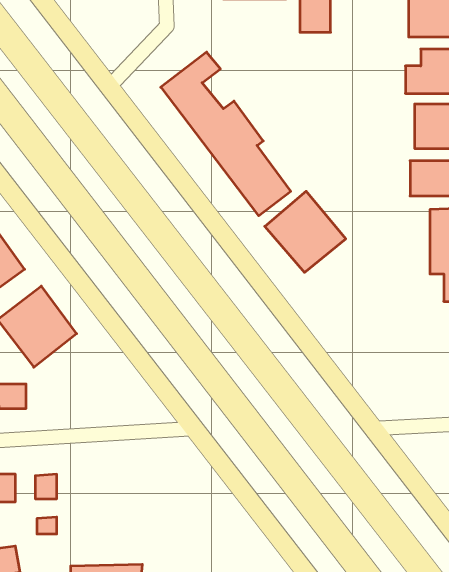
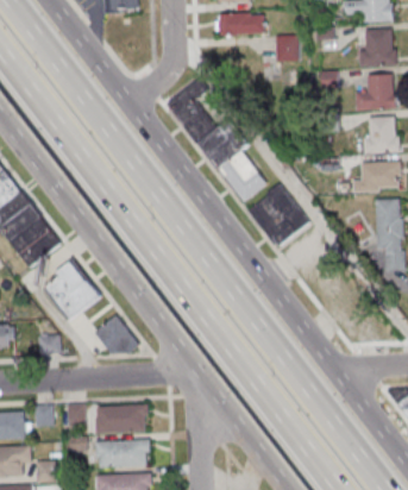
building: none -> [94,314,139,362]
building: none -> [96,406,147,433]
building: none -> [95,440,151,469]

